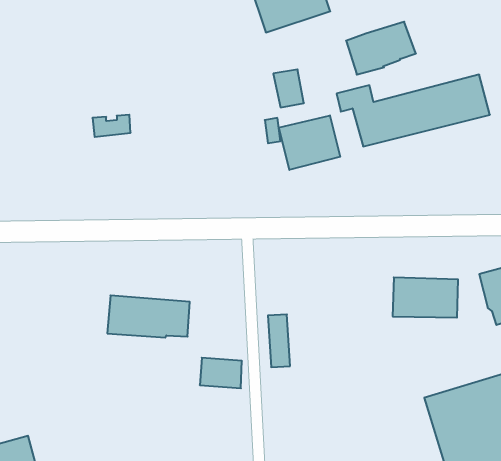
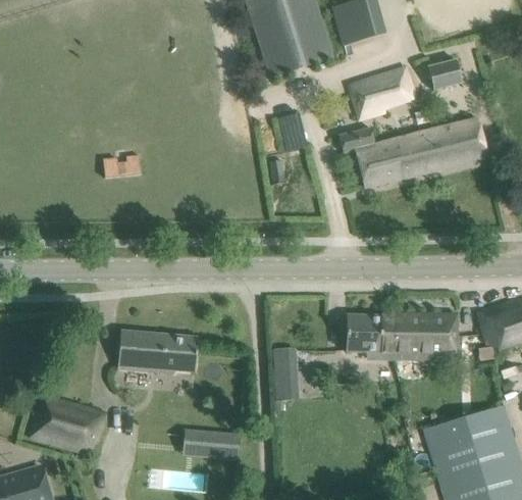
building: none -> [428,58,463,90]
building: [279,115,340,170] -> none
building: none -> [347,313,395,357]
building: [200,358,242,388] -> [197,430,238,459]
building: none -> [31,394,105,454]

